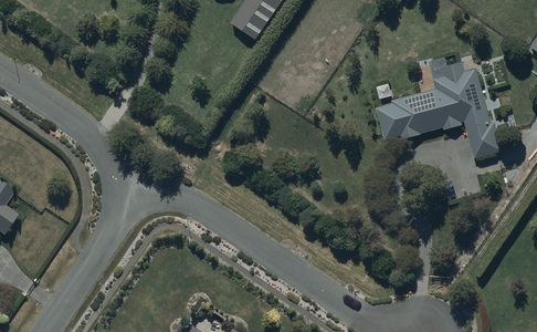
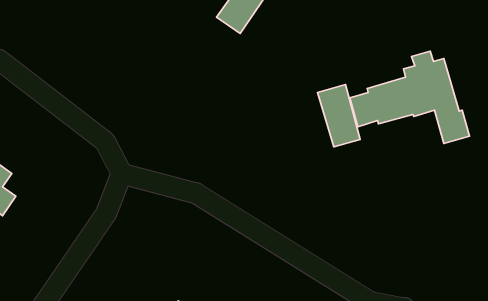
building: none -> [318,85,360,147]

